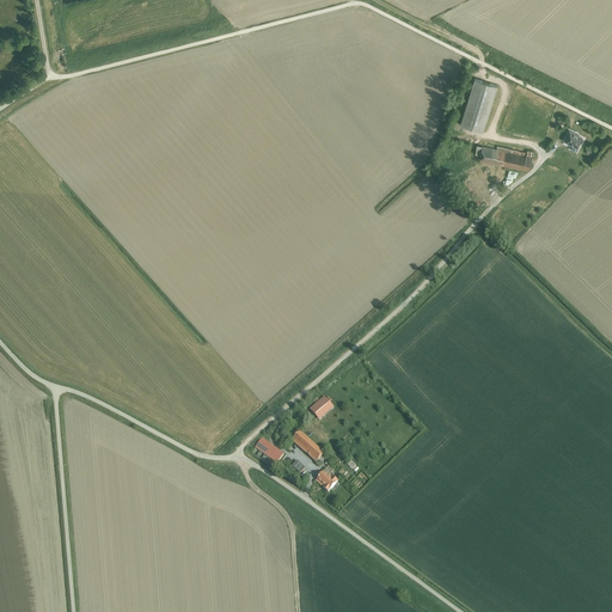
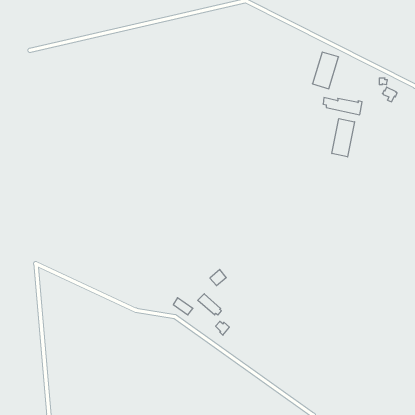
building: none -> [332,119,355,157]

